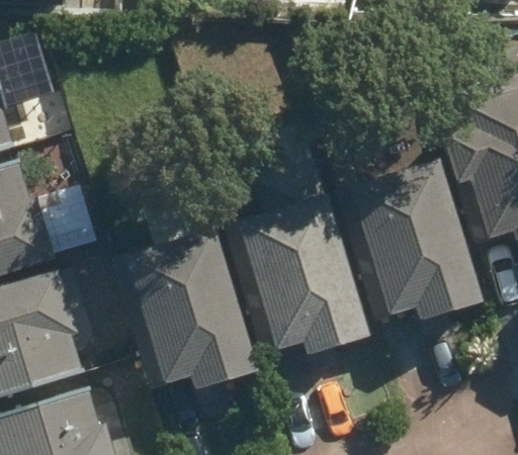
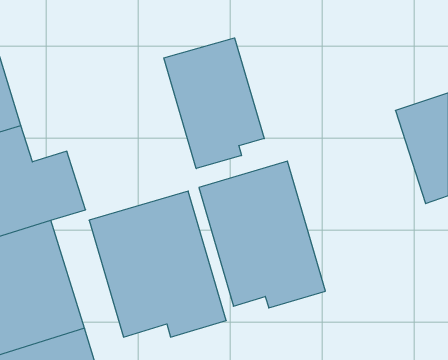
building: none -> [164,38,264,169]
building: [341,155,488,325] -> none

